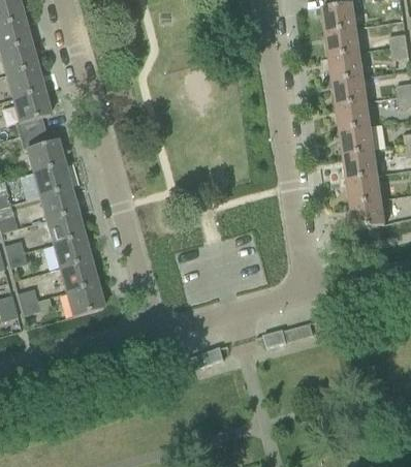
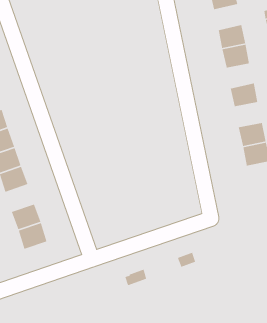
building: [326,26,360,56] -> none
building: [338,100,372,129] -> none
building: [345,149,379,178] -> none
building: [54,234,90,266] -> none

